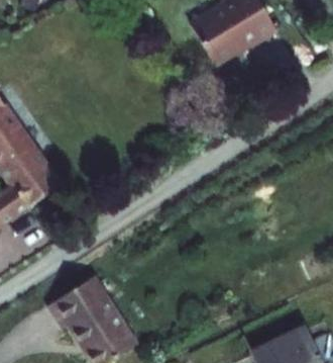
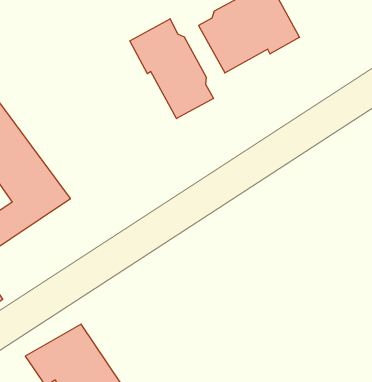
building: none -> [130,19,213,119]

